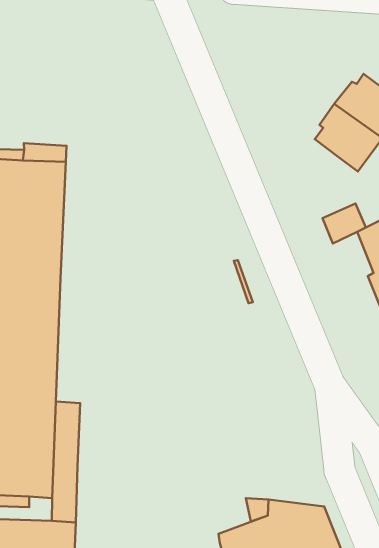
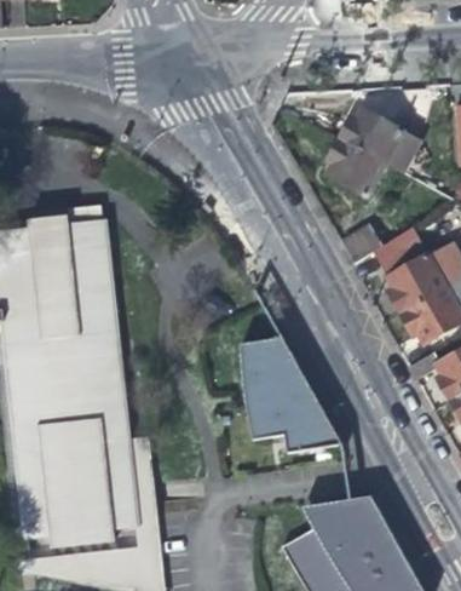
building: none -> [242,343,347,449]

